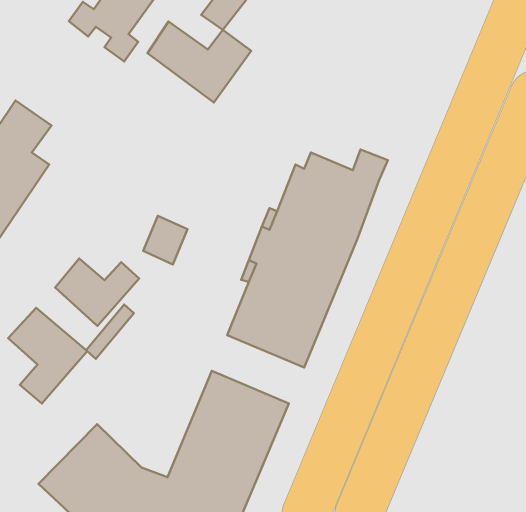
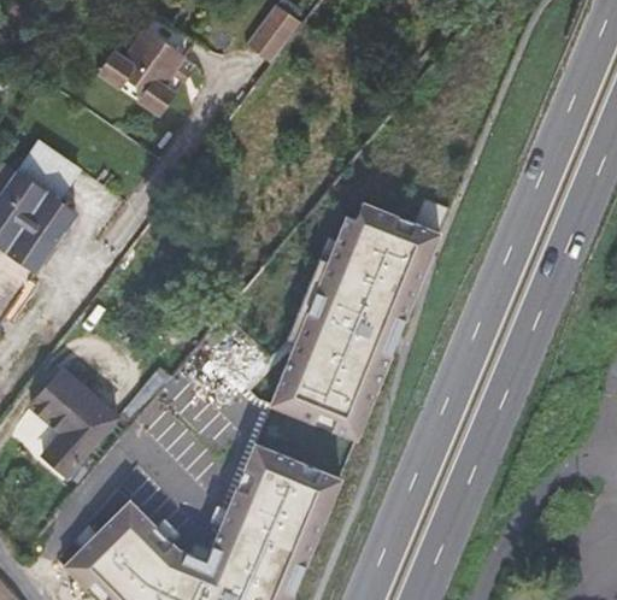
building: [147,21,251,102] -> none
building: [143,216,188,264] -> none
building: [55,258,139,326] -> none

